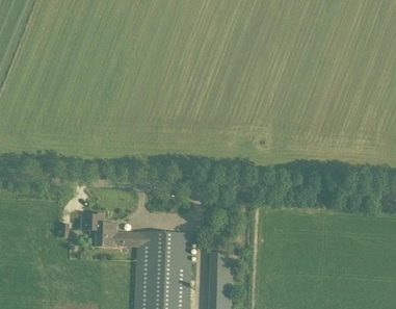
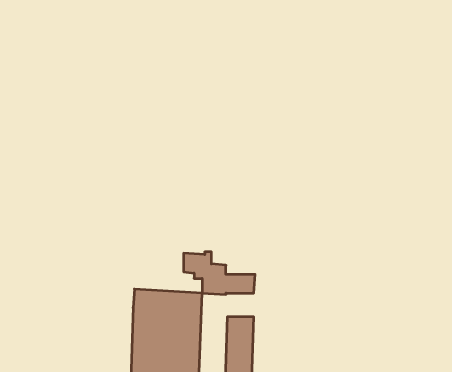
building: [81,213,137,247] -> [184,252,255,294]

